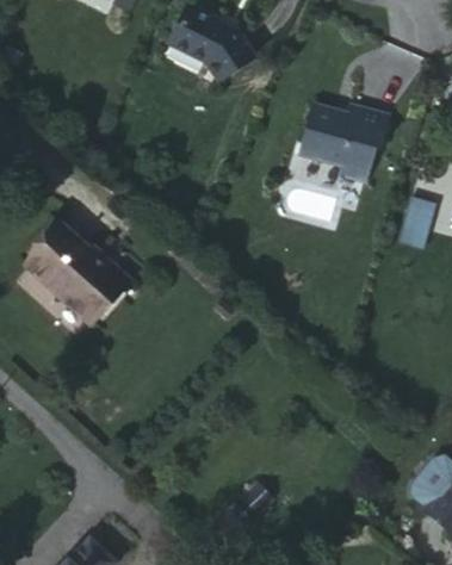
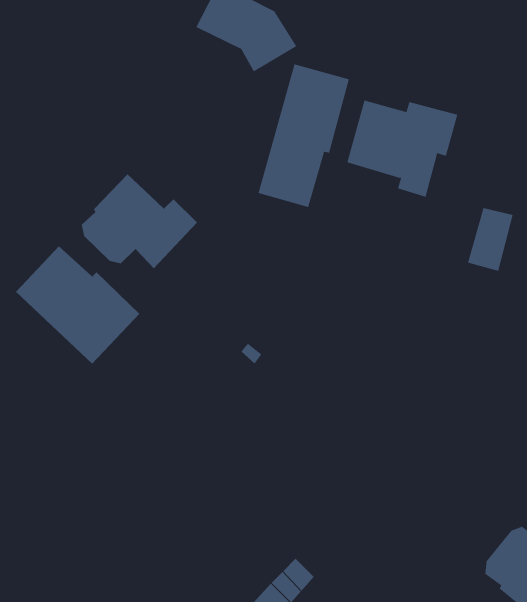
building: none -> [258,63,350,208]
building: none -> [81,173,198,269]

